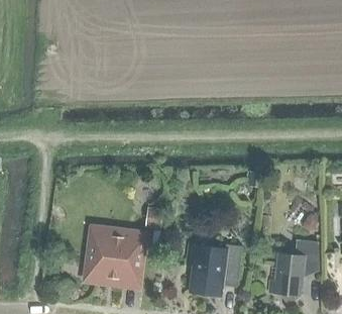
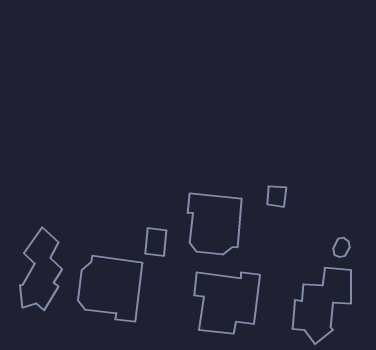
building: none -> [188,193,242,255]
building: none -> [20,227,62,310]

